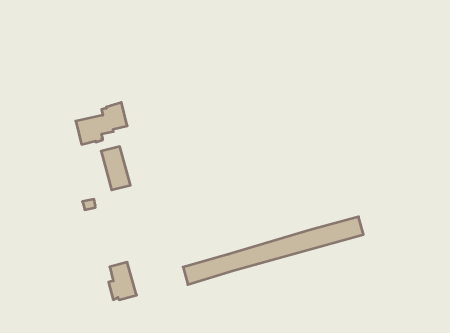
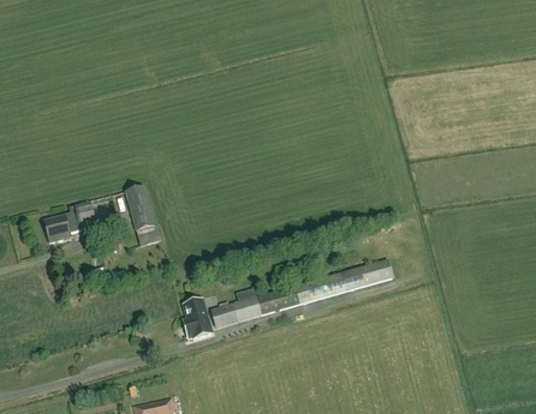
building: [76,102,127,144] -> [43,199,96,242]
building: [109,262,137,300] -> [183,299,212,337]

